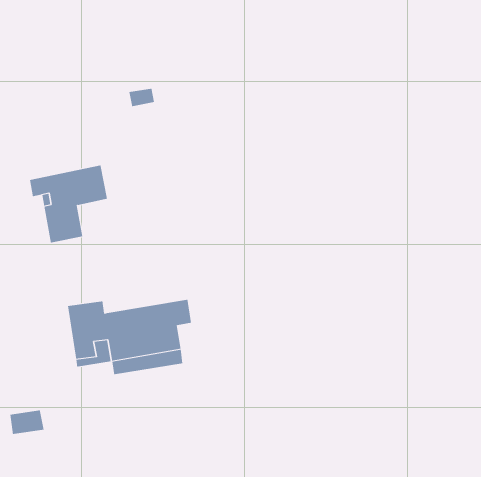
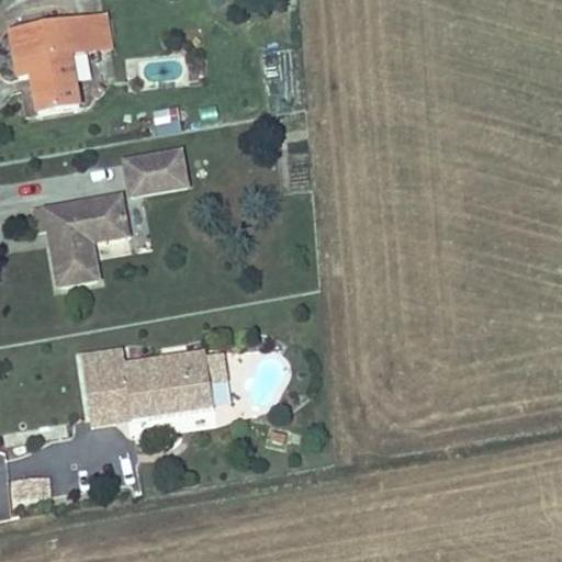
building: none -> [11,11,111,112]
building: none -> [122,147,184,192]

